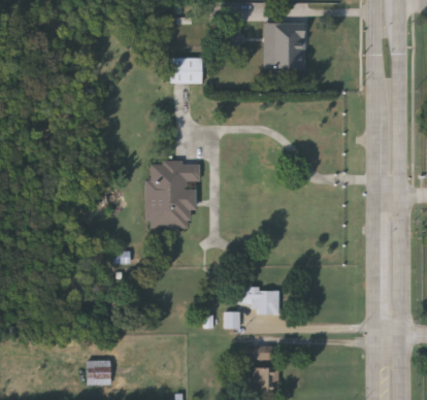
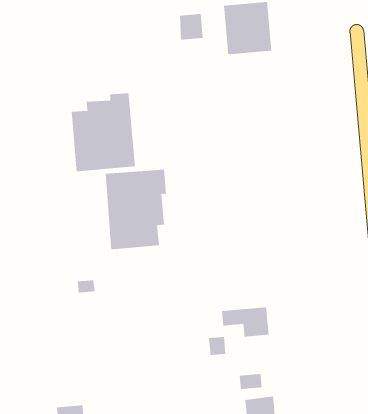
building: [170,57,202,81] -> none
building: none -> [71,93,136,172]

